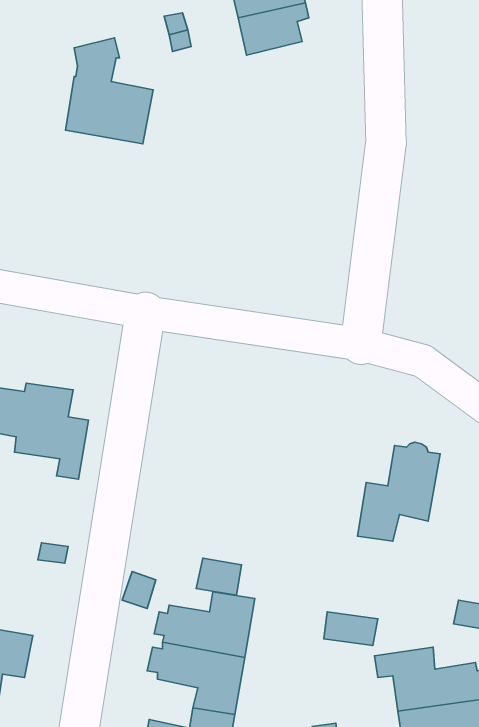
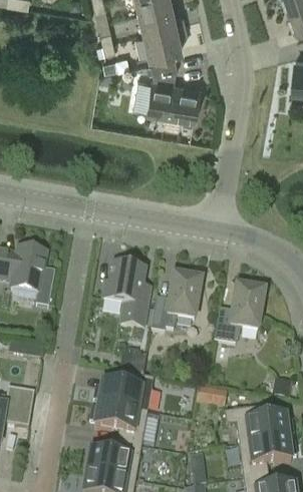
building: [66,38,153,144] -> [146,55,199,118]
building: none -> [102,265,147,328]
building: none -> [152,273,201,331]

